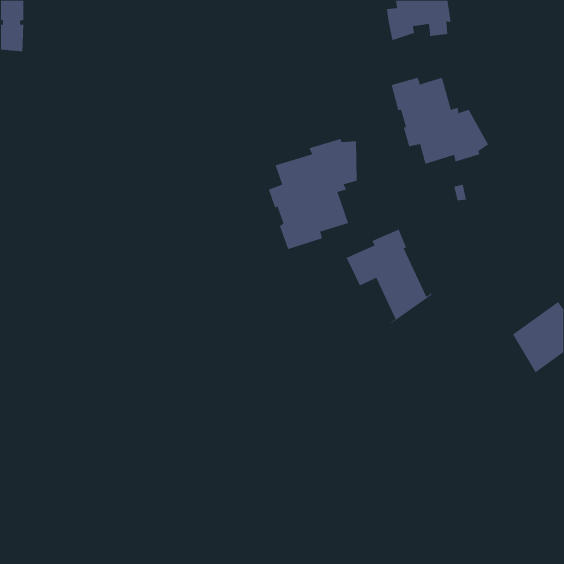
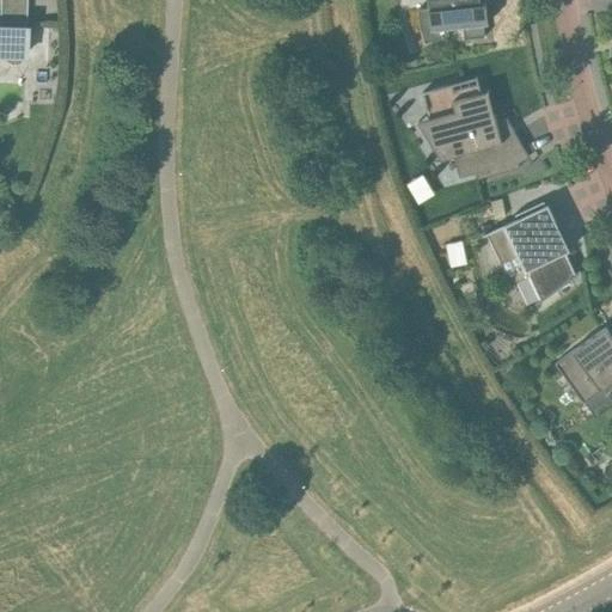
building: [268,138,357,250] -> none
building: [342,229,432,324] -> [483,201,581,304]

